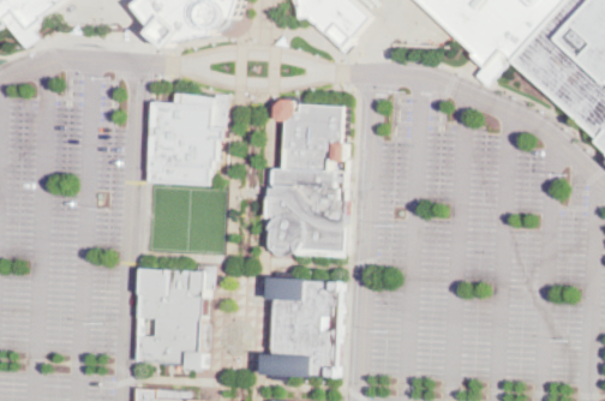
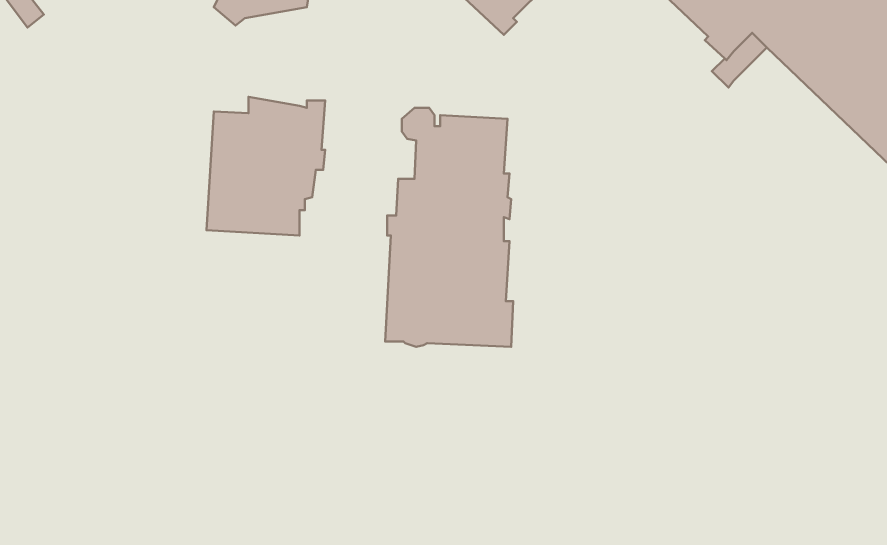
building: [134,265,211,370] -> none
building: [260,271,339,377] -> none

